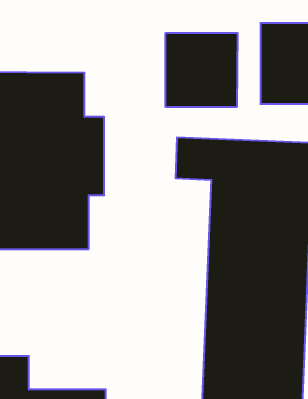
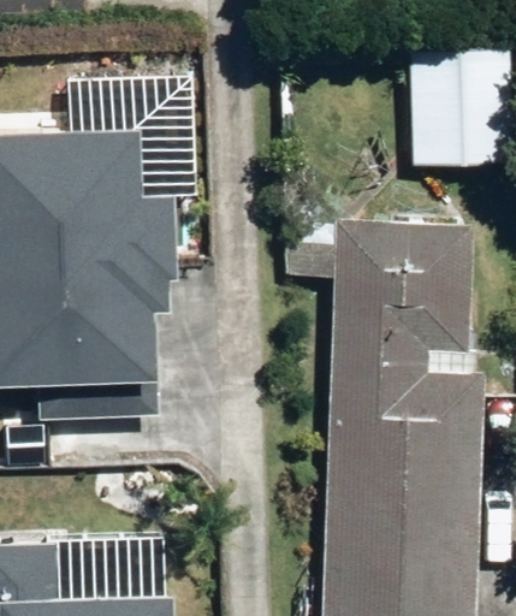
building: [166,33,238,107] -> none

